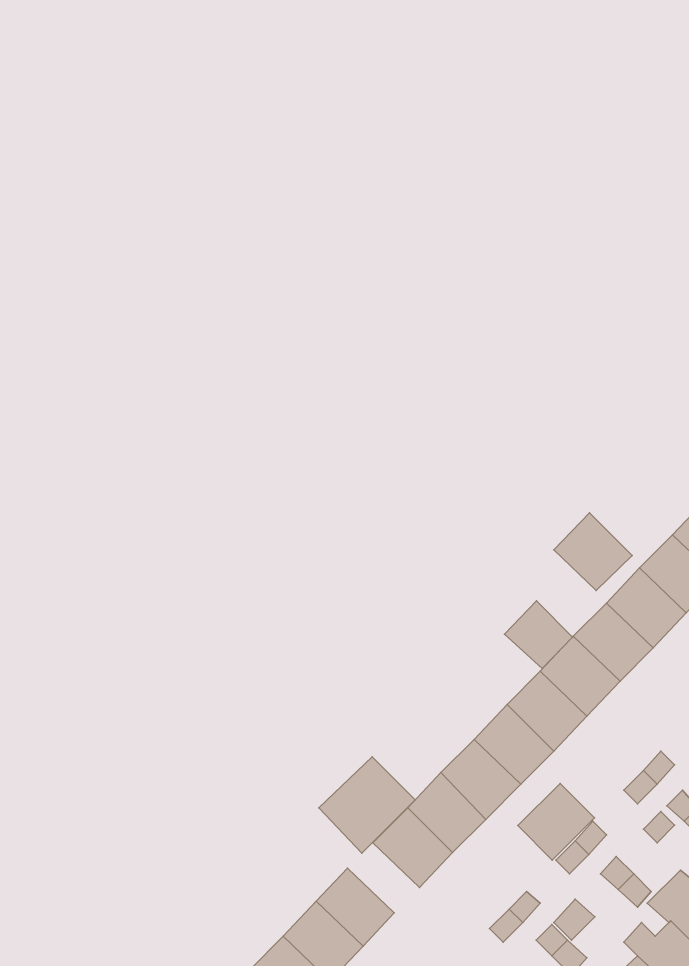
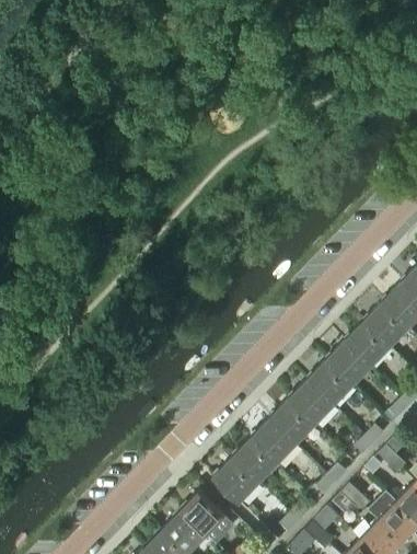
building: [554,513,632,591] -> none
building: [505,601,572,669] -> none
building: [319,757,415,853] -> none
building: [518,783,595,860] -> none

